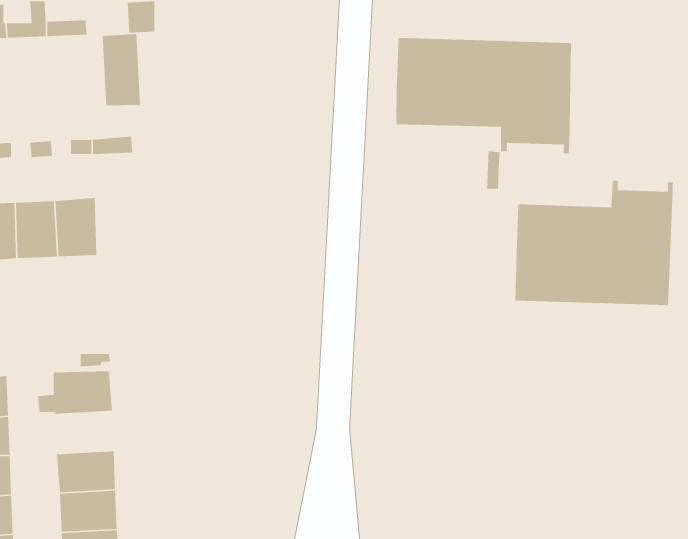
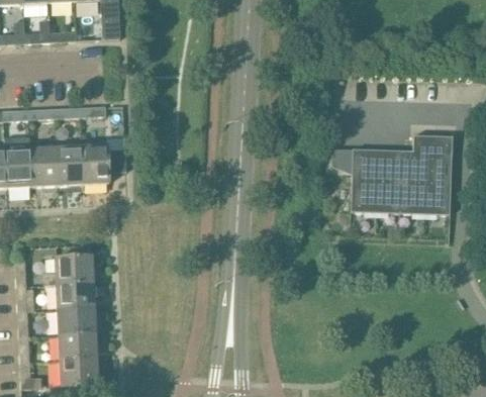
building: [102,33,141,106] -> none
building: [395,37,572,154] -> none
building: none -> [81,144,121,183]
building: none -> [55,283,93,310]

